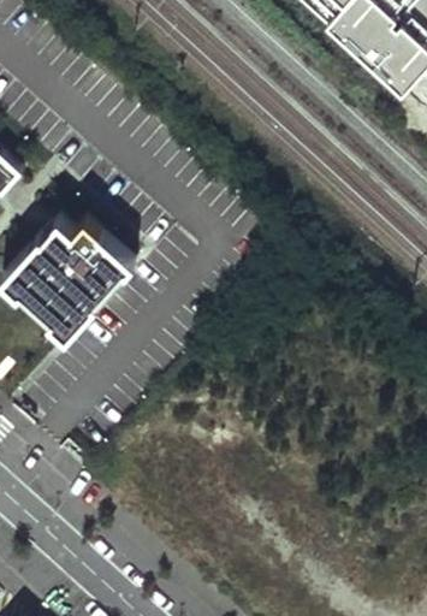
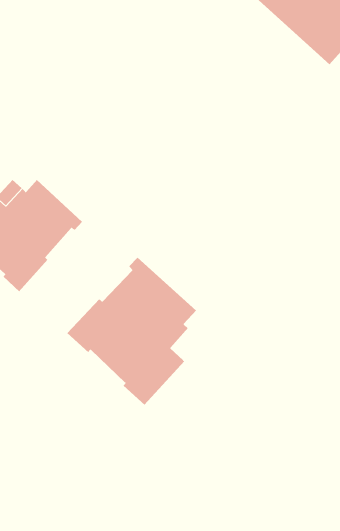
building: none -> [66,257,197,405]

